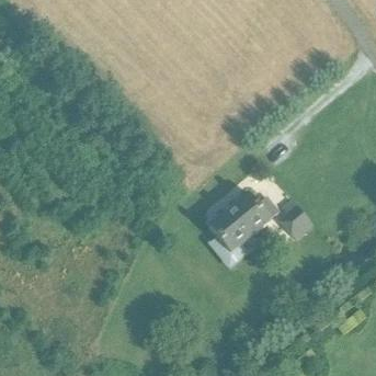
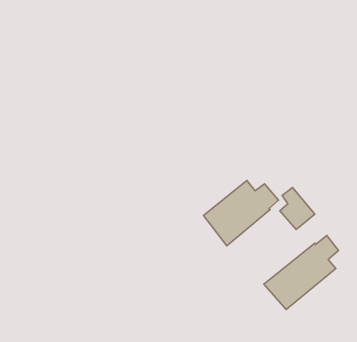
building: none -> [264,235,338,310]

